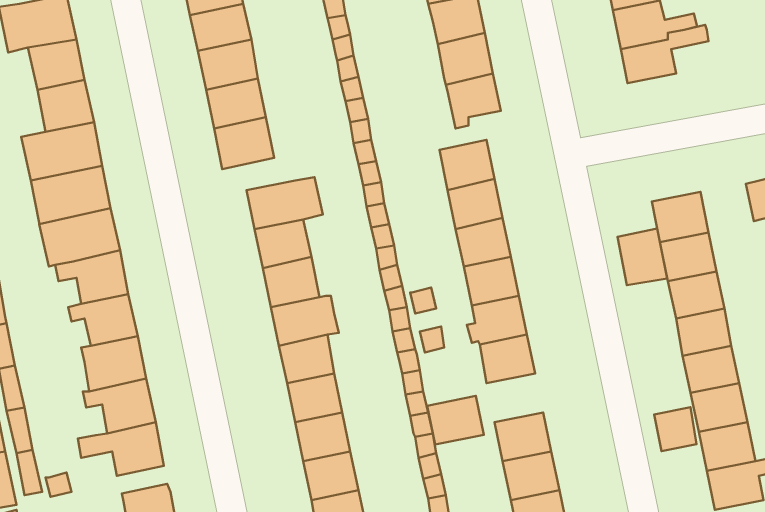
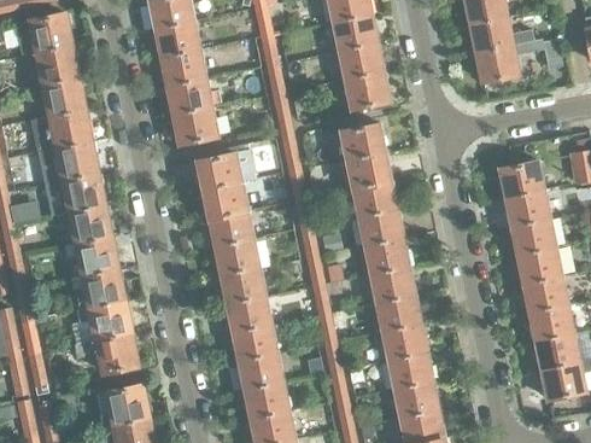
building: [617,229,667,285] -> none
building: [427,396,484,445] -> [376,297,419,333]
building: [654,407,696,451] -> none

